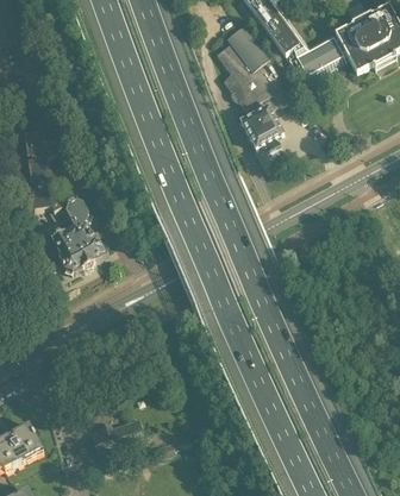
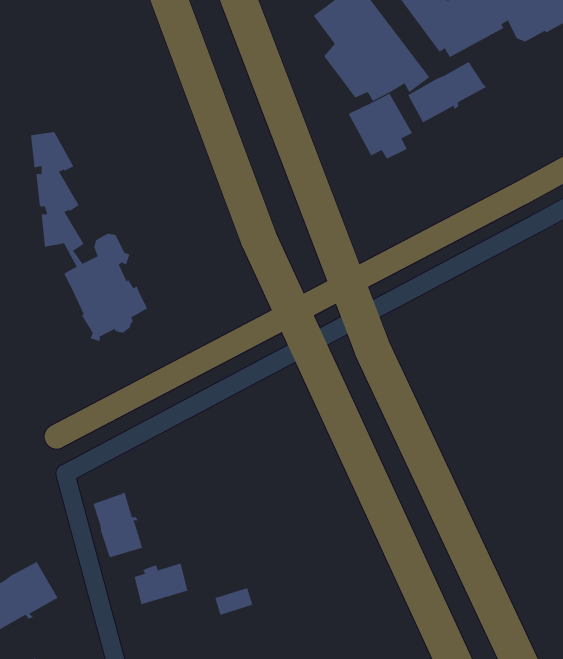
building: none -> [407,61,486,123]
building: none -> [93,492,143,558]

